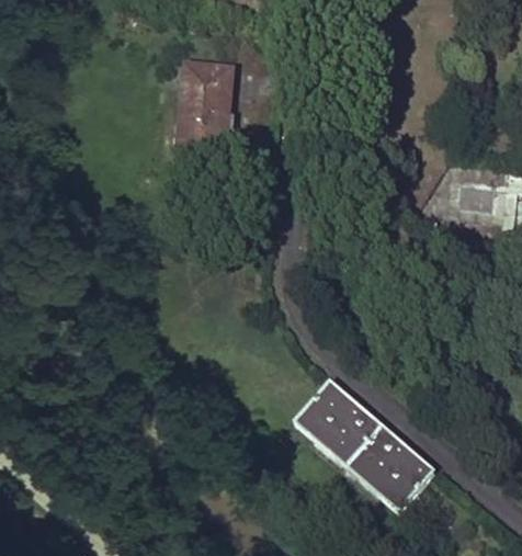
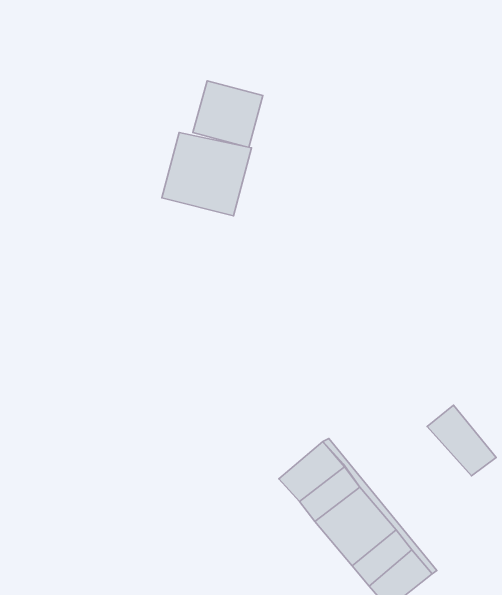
building: [182,60,234,110] -> none
building: none -> [162,132,251,216]
building: none -> [427,405,496,476]

